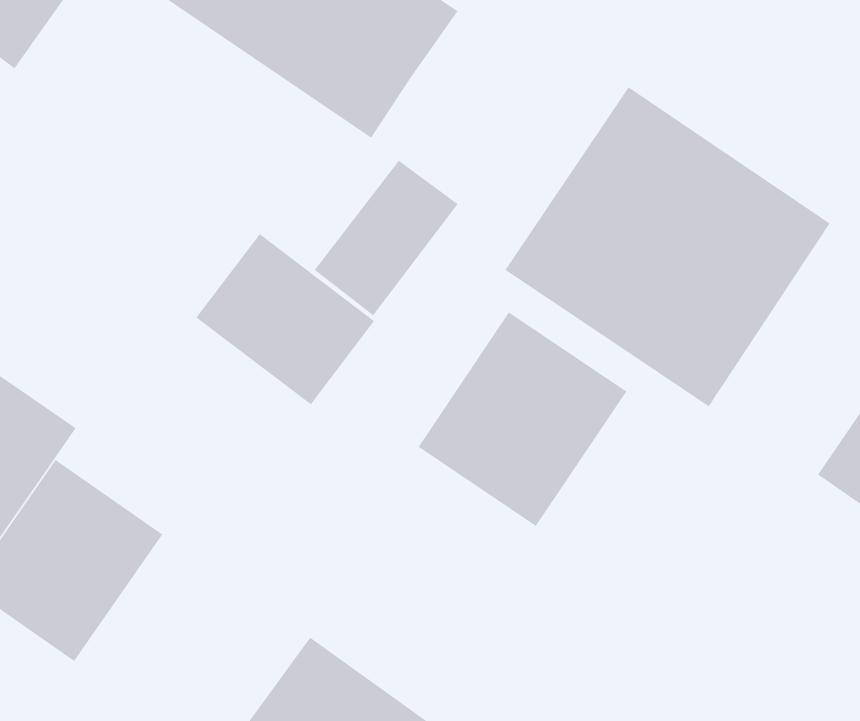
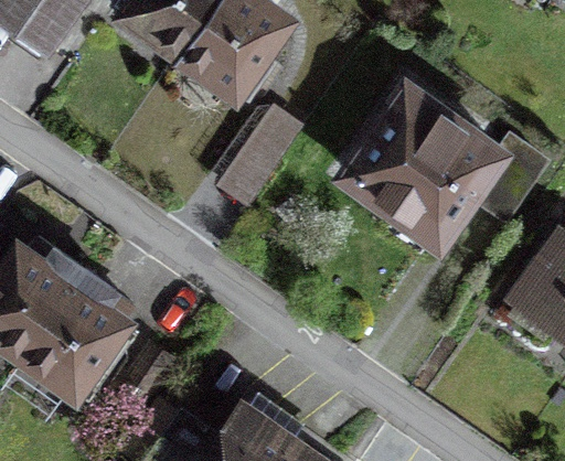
building: [196,233,375,405] -> none
building: [418,312,627,527] -> none

